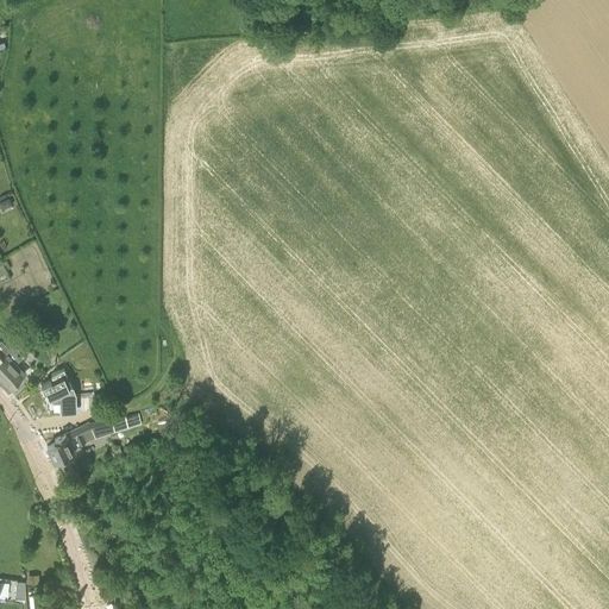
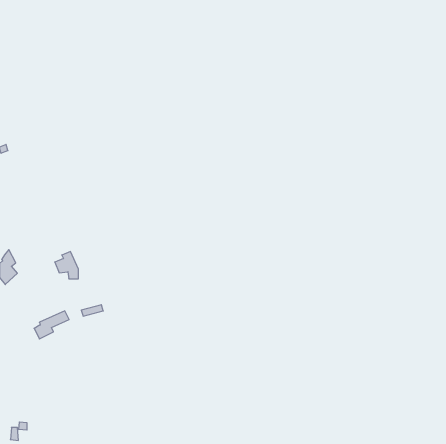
building: [42,373,74,410] -> [55,252,78,279]

